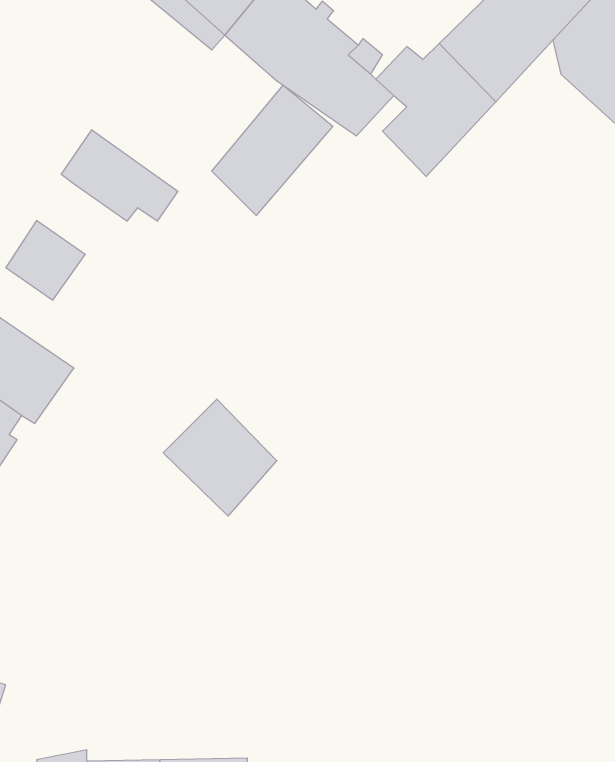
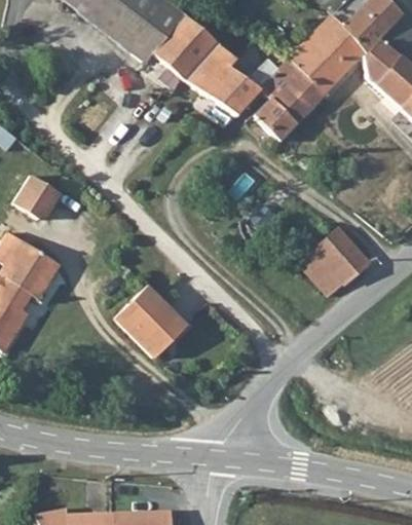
building: [212,85,333,215] -> none
building: [61,130,178,221] -> none
building: none -> [300,230,371,298]

